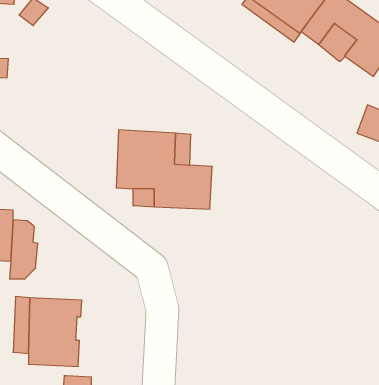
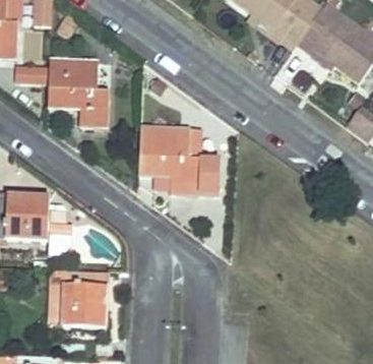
building: none -> [47,58,111,124]

